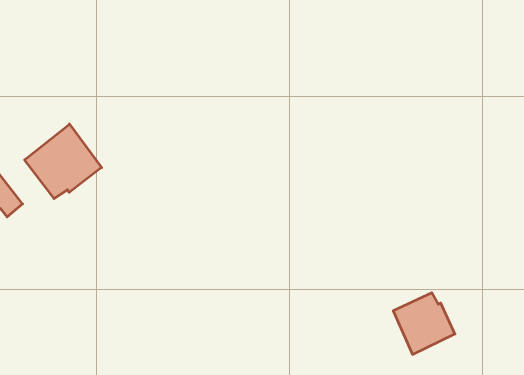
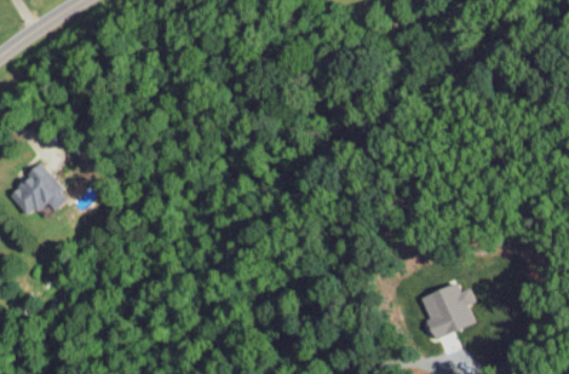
building: [25,124,102,199] -> none

